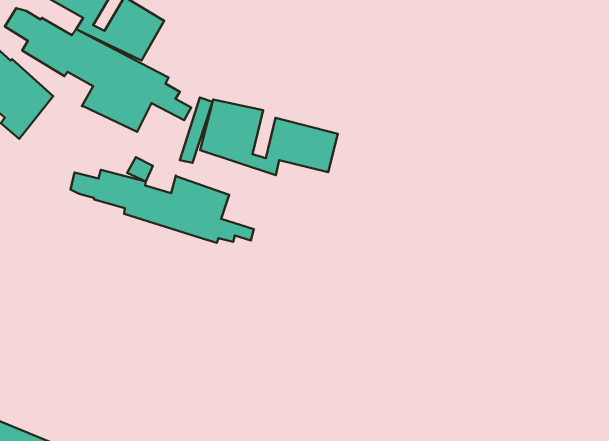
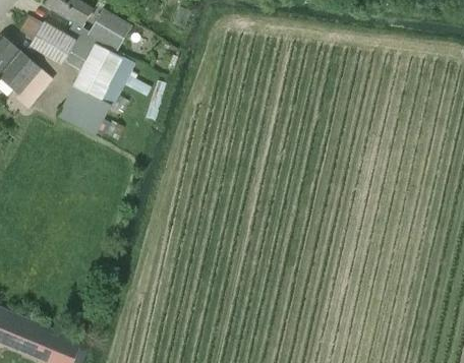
building: [200,99,338,175] -> none
building: [71,170,254,243] -> none

